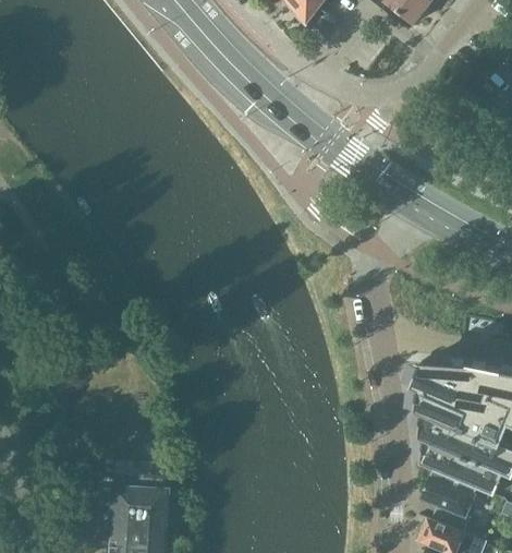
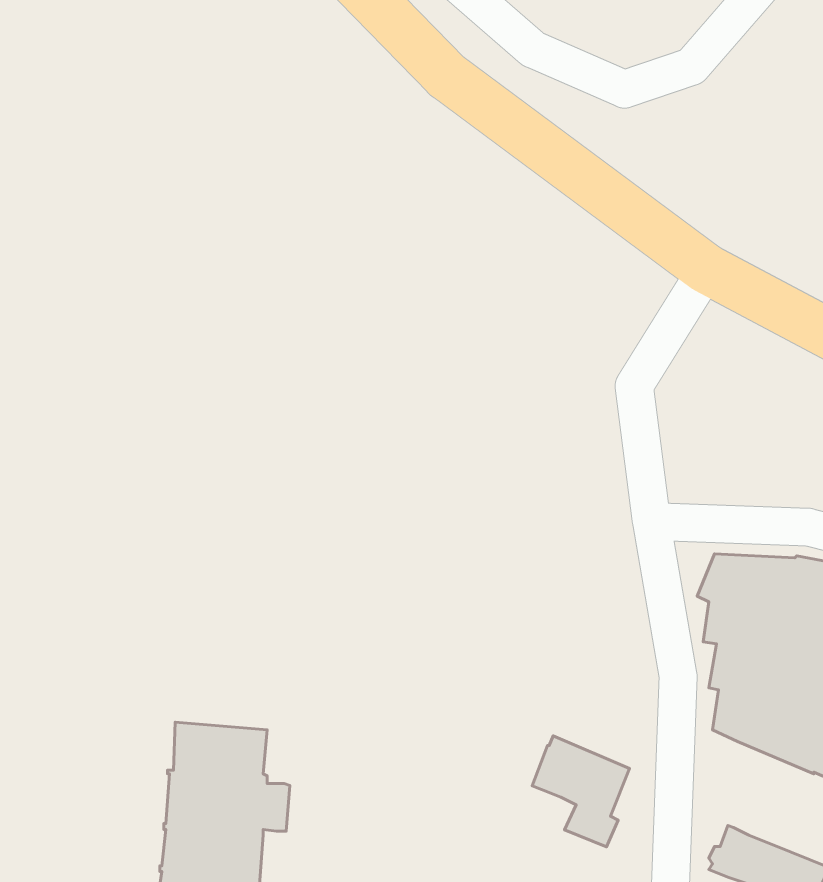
building: [422,470,477,533] -> [532,736,630,847]

